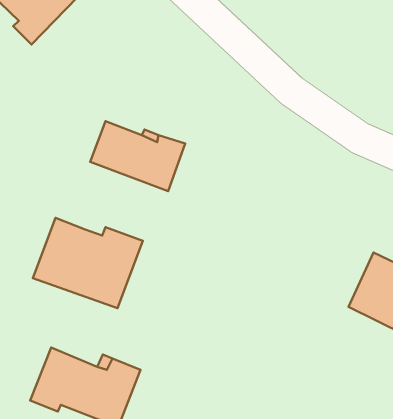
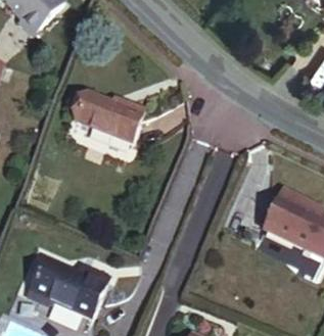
building: [33,218,143,308] -> none

